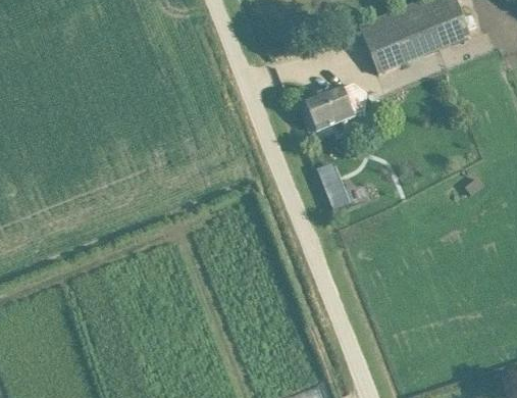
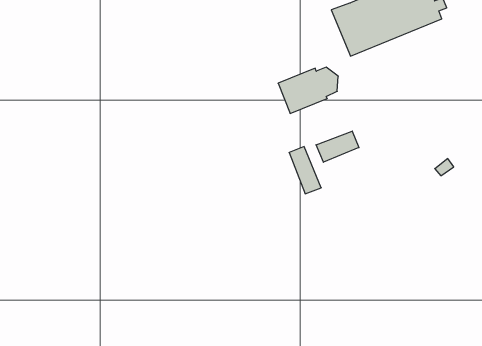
building: none -> [316,131,359,162]

